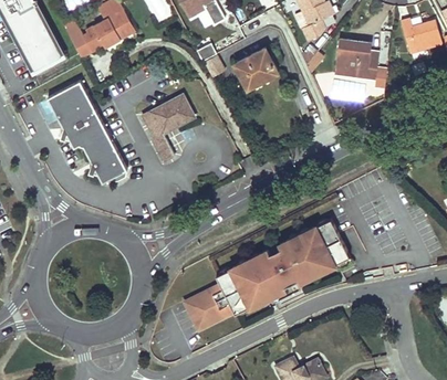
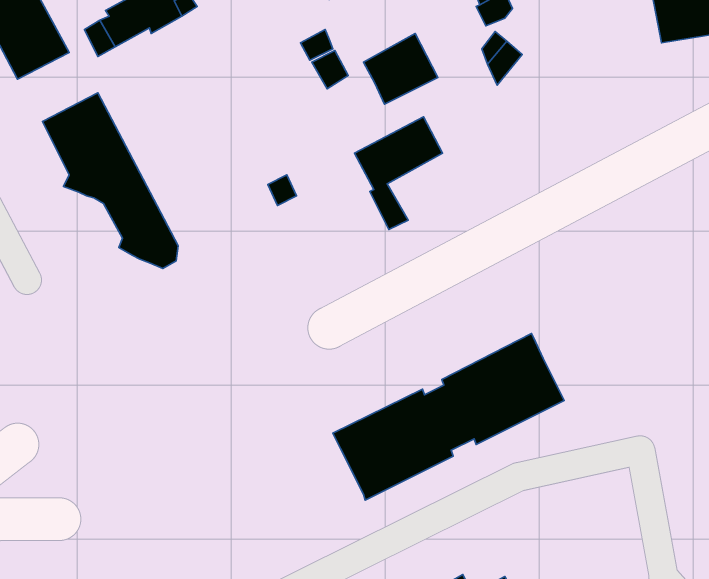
building: [332,41,374,81] -> none
building: [143,96,194,161] -> [355,117,442,230]
building: [186,285,235,329] -> none

